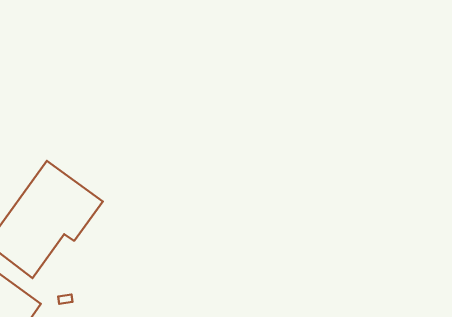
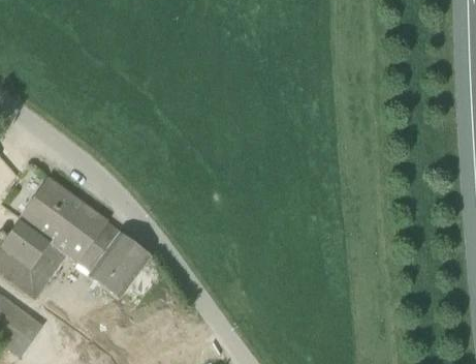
building: none -> [75,222,151,300]

